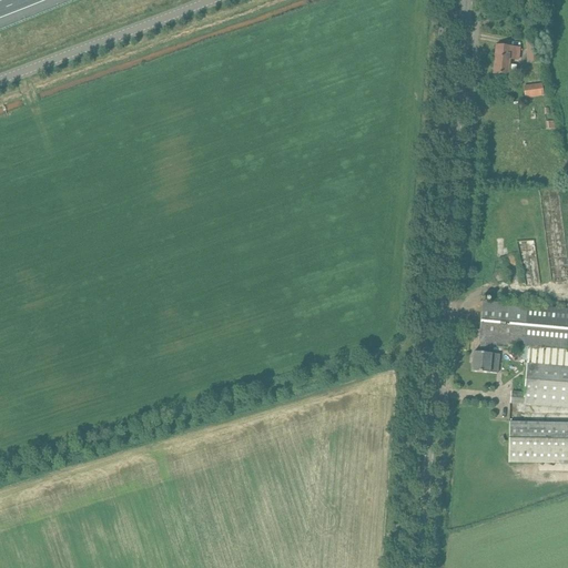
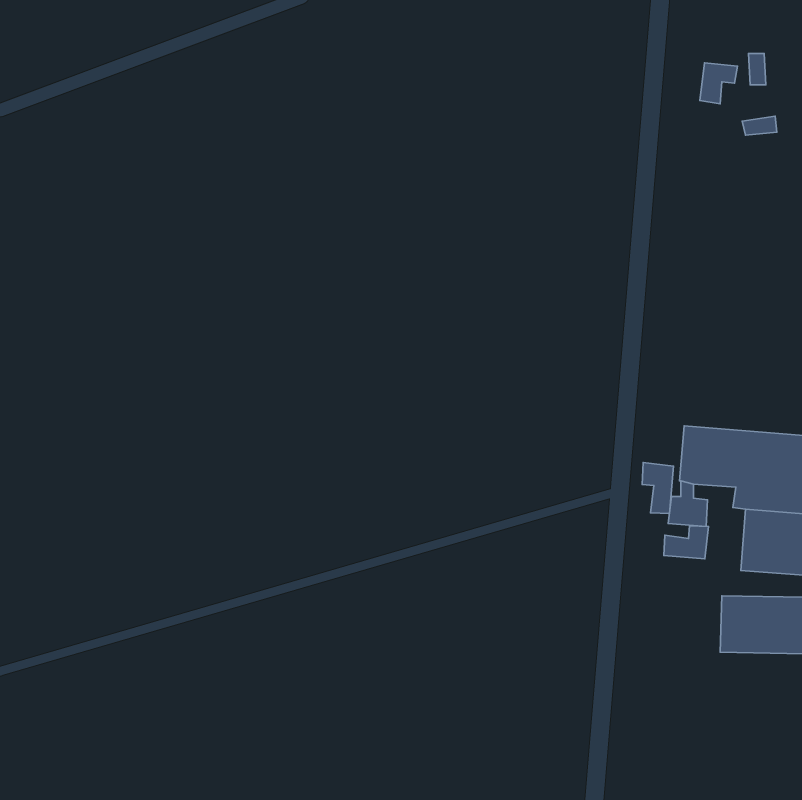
building: none -> [642,463,673,514]
building: none -> [664,526,708,559]

